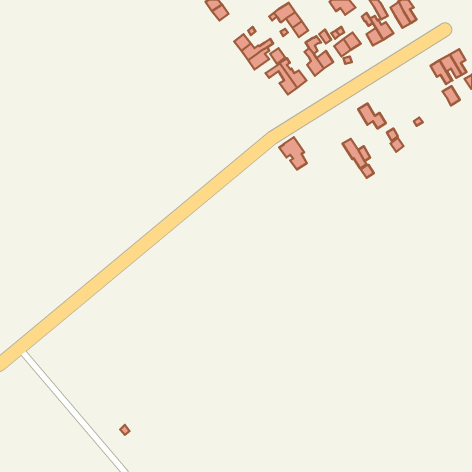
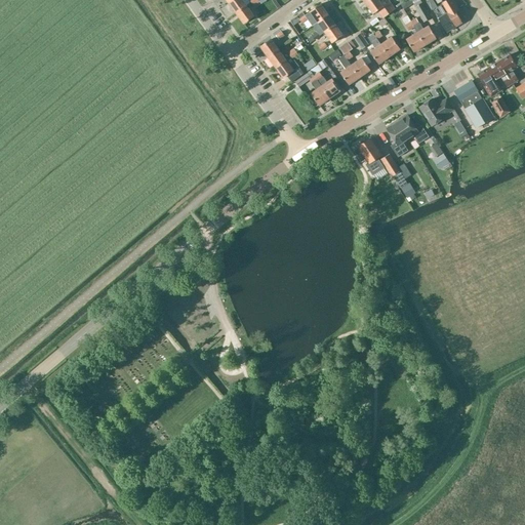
building: none -> [454,81,493,128]
building: none -> [419,97,452,124]
building: none -> [386,121,407,156]
building: [279,137,307,170] -> [353,138,383,174]

